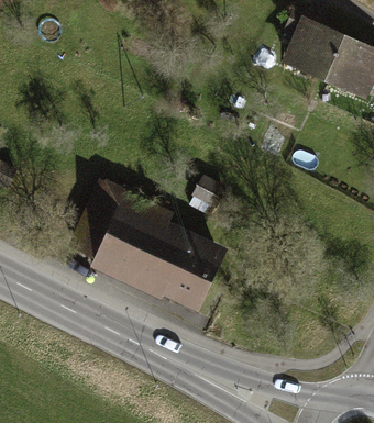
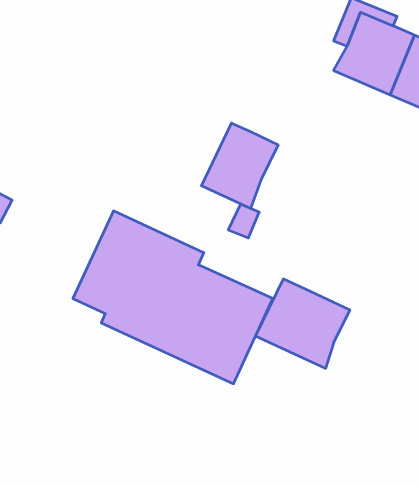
building: none -> [202,123,278,209]
building: none -> [256,279,350,368]

